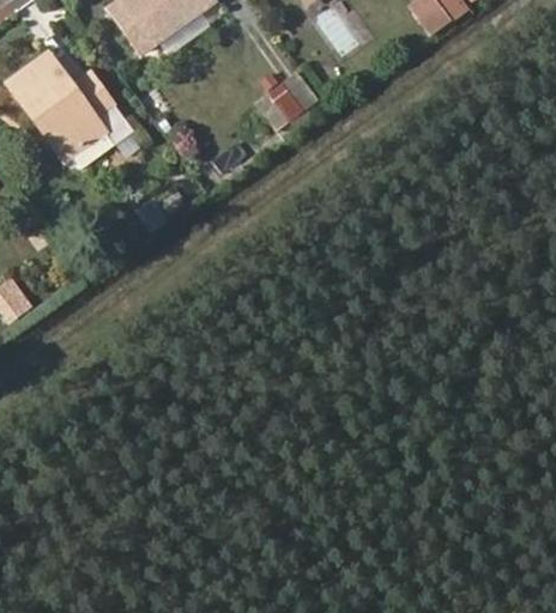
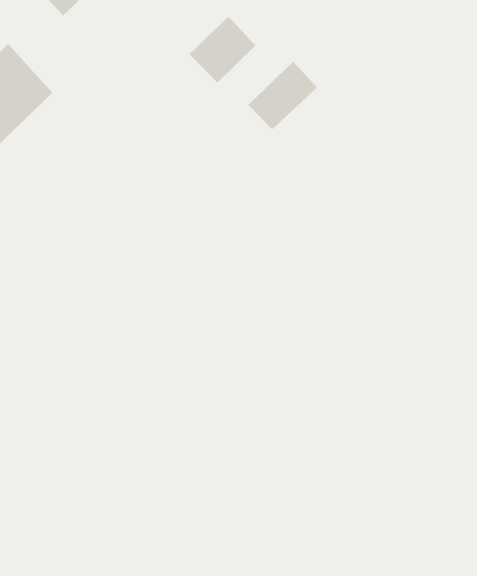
building: none -> [247,61,318,130]

